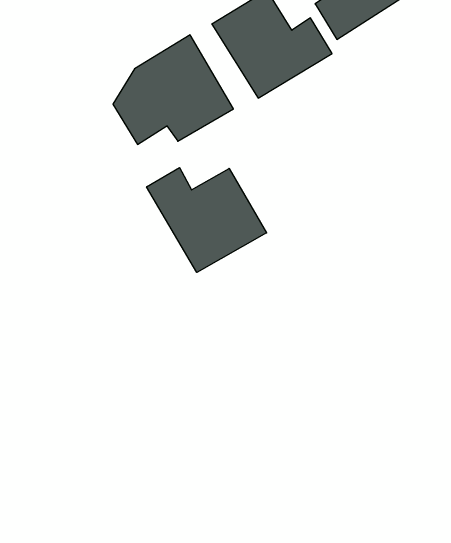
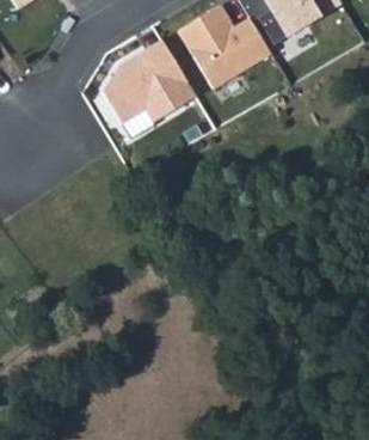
building: [147,168,267,272] -> none

